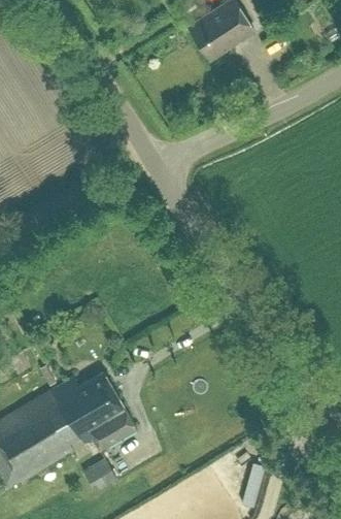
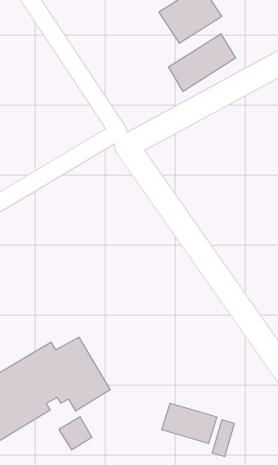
building: none -> [169,34,236,91]
building: none -> [162,403,217,444]

